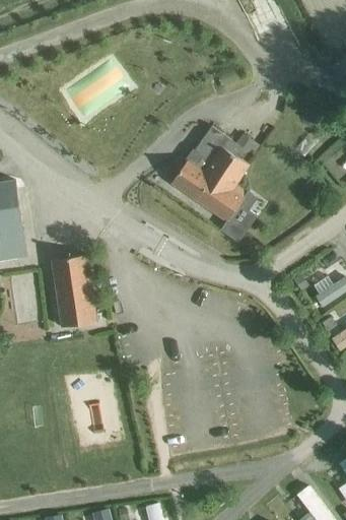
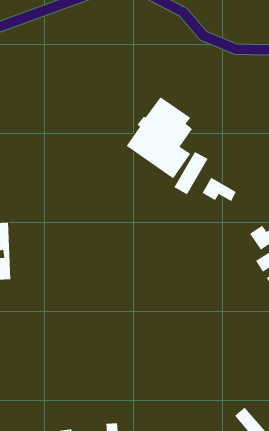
building: none -> [202,177,236,202]
building: [50,256,94,328] -> none

